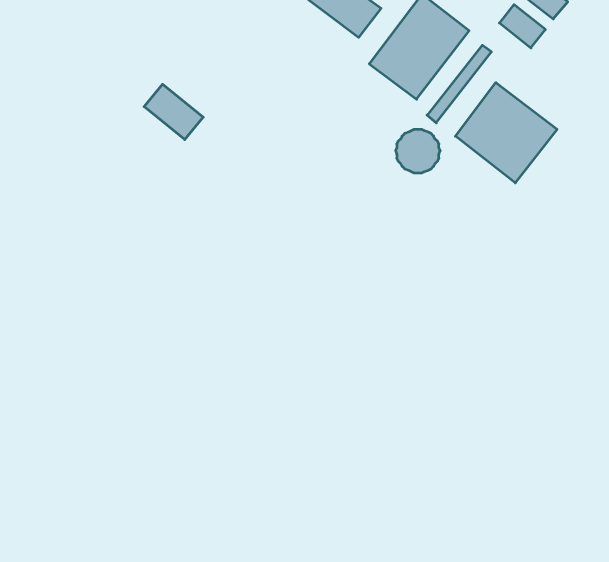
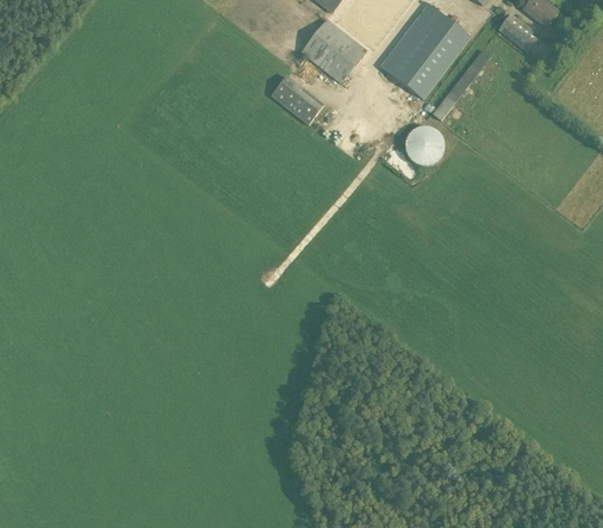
building: none -> [299,18,366,82]
building: [455,83,557,183] -> none
building: [144,84,203,140] -> [269,74,323,124]

